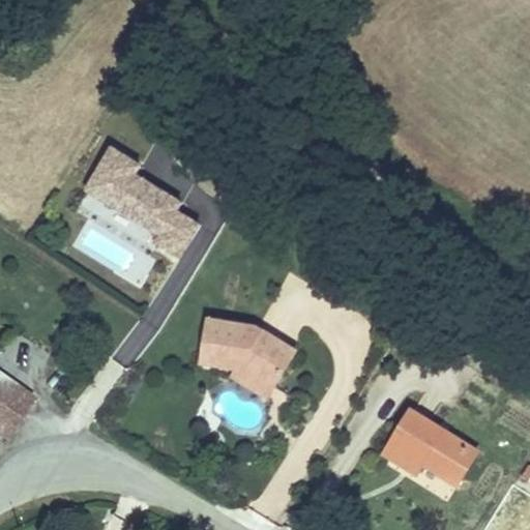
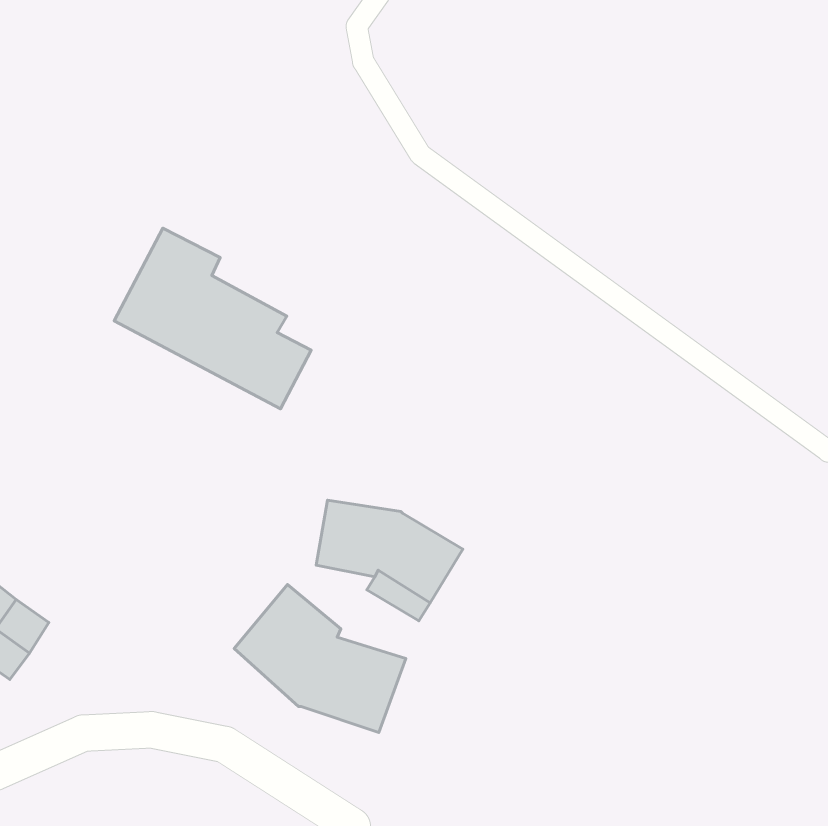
building: none -> [234,584,406,733]
building: [384,408,476,481] -> none

